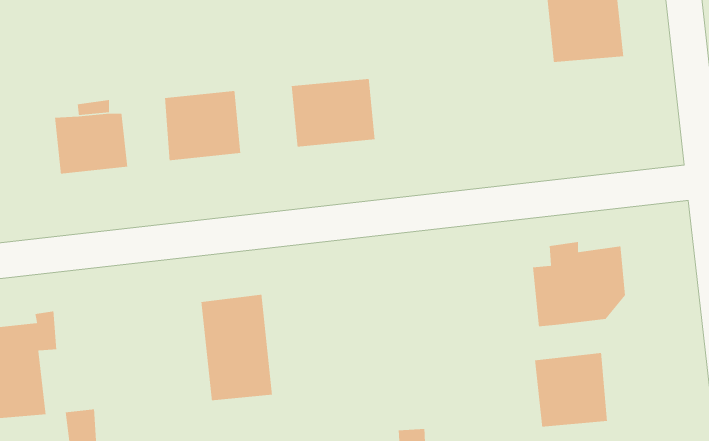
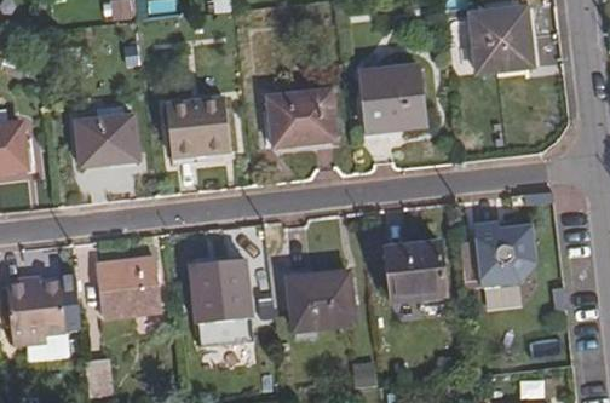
building: none -> [359,59,425,123]
building: none -> [99,257,162,313]
building: none -> [289,271,355,329]
building: [534,352,608,428] -> [386,241,445,301]

